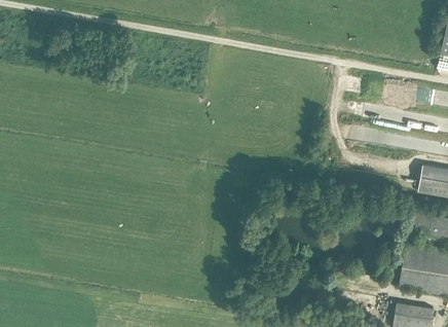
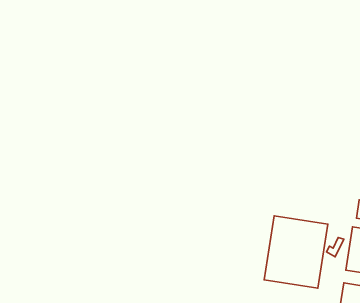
building: none -> [264,216,328,288]

